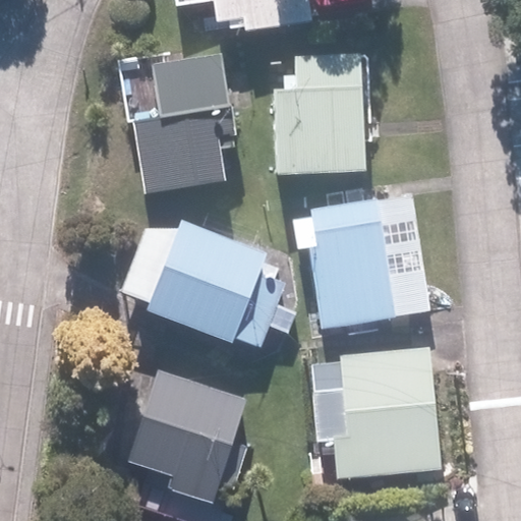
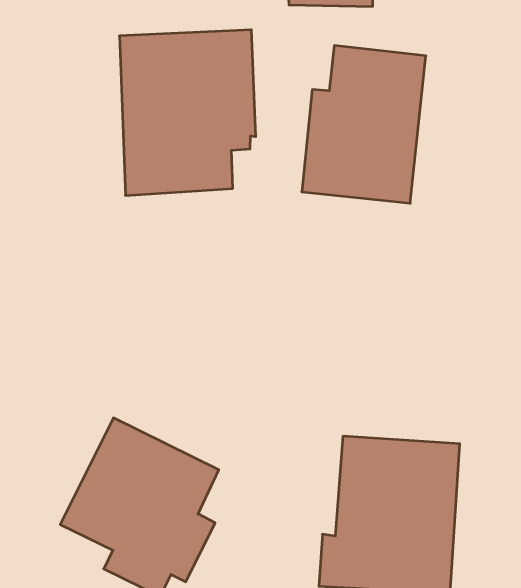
building: [291,193,428,328] -> none
building: [120,220,293,346] -> none

